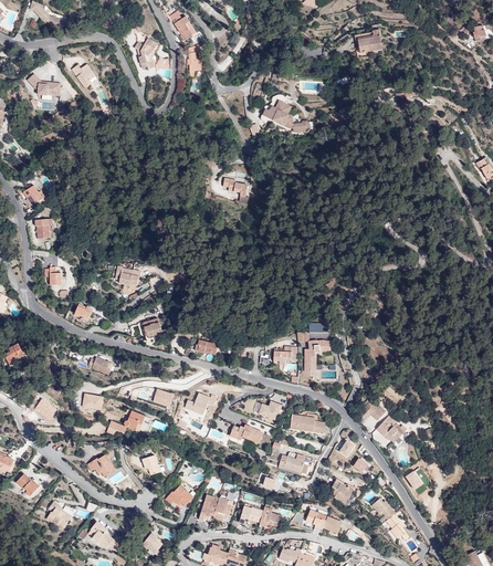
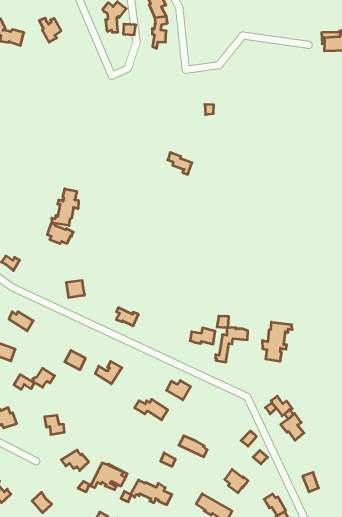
building: [261,102,307,133] -> none
building: none -> [52,189,78,226]
building: none -> [263,322,292,361]
building: [290,413,324,432] -> none

